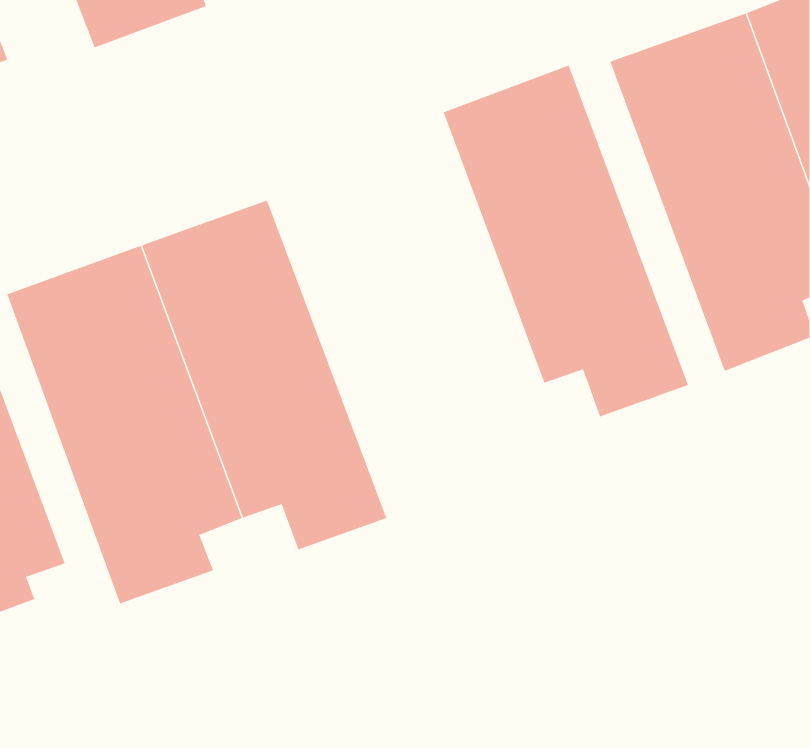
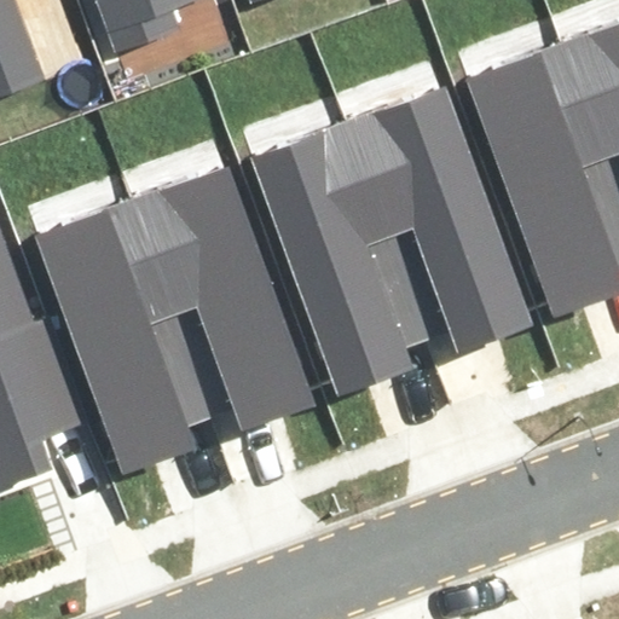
building: none -> [255,116,424,374]

